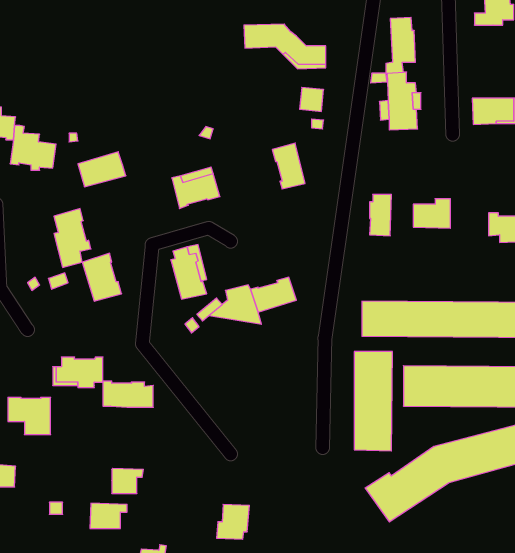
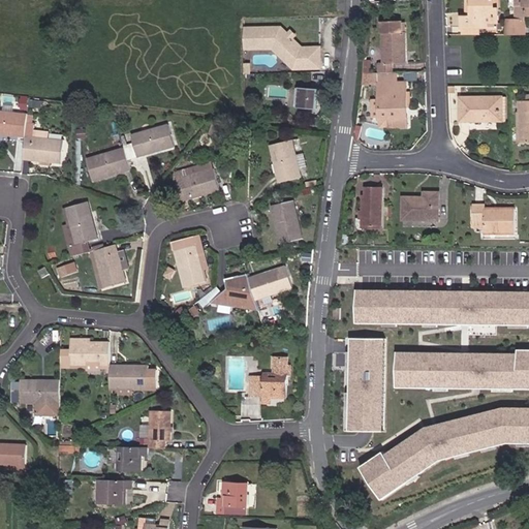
building: none -> [123,124,174,160]
building: none -> [270,200,302,244]
building: none -> [249,357,286,403]
building: none -> [149,410,169,448]

